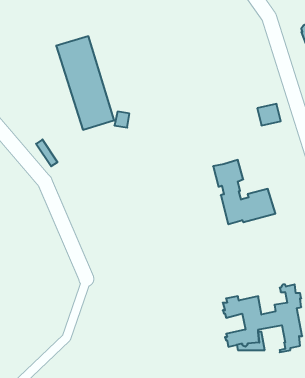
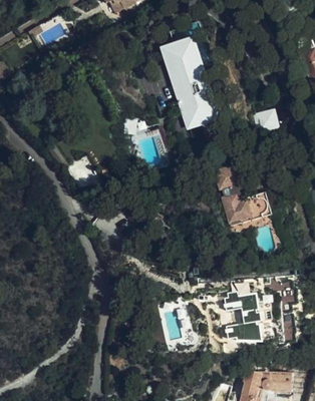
building: [56,36,114,130] -> [163,39,217,126]

